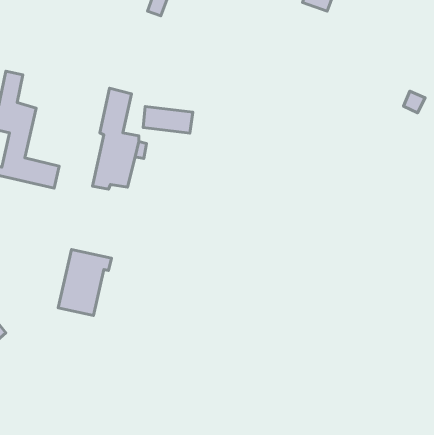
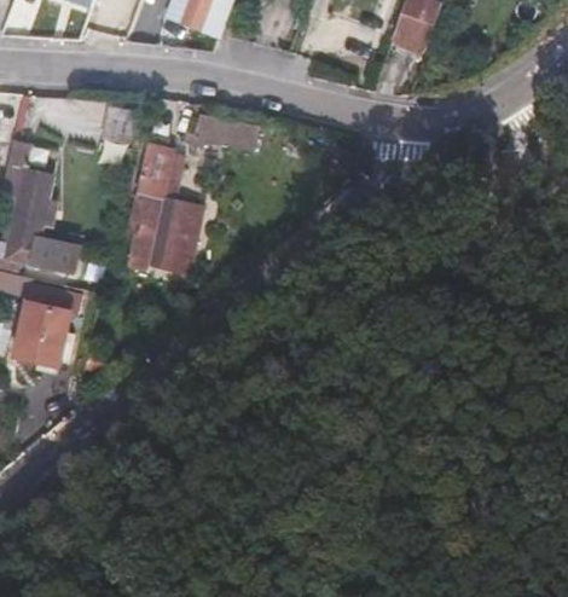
building: [143,107,193,133] -> [196,116,259,150]
building: [58,250,111,315] -> [13,285,81,369]

